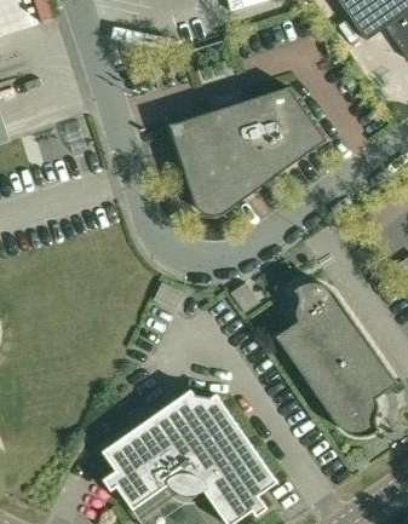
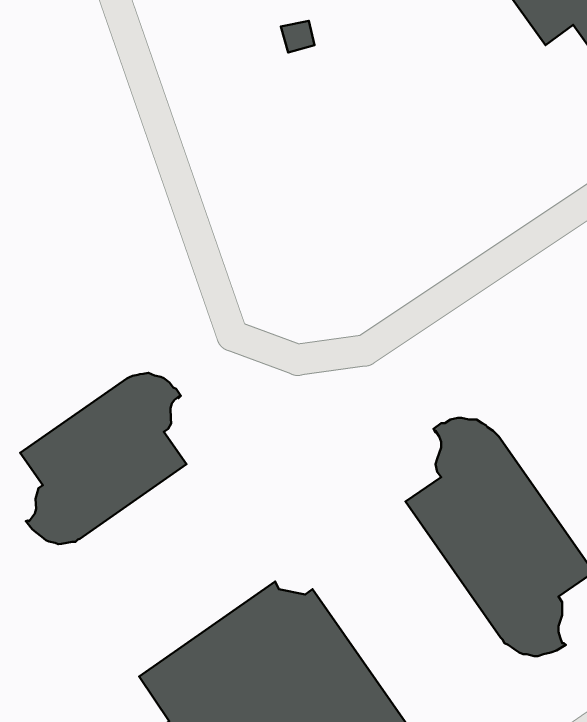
building: [168,86,326,215] -> none
building: none -> [20,373,187,544]

